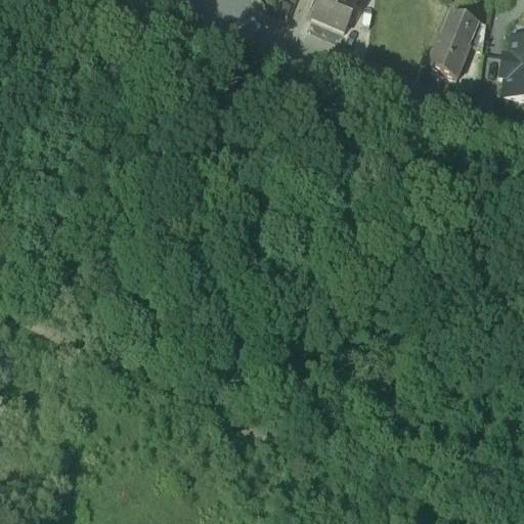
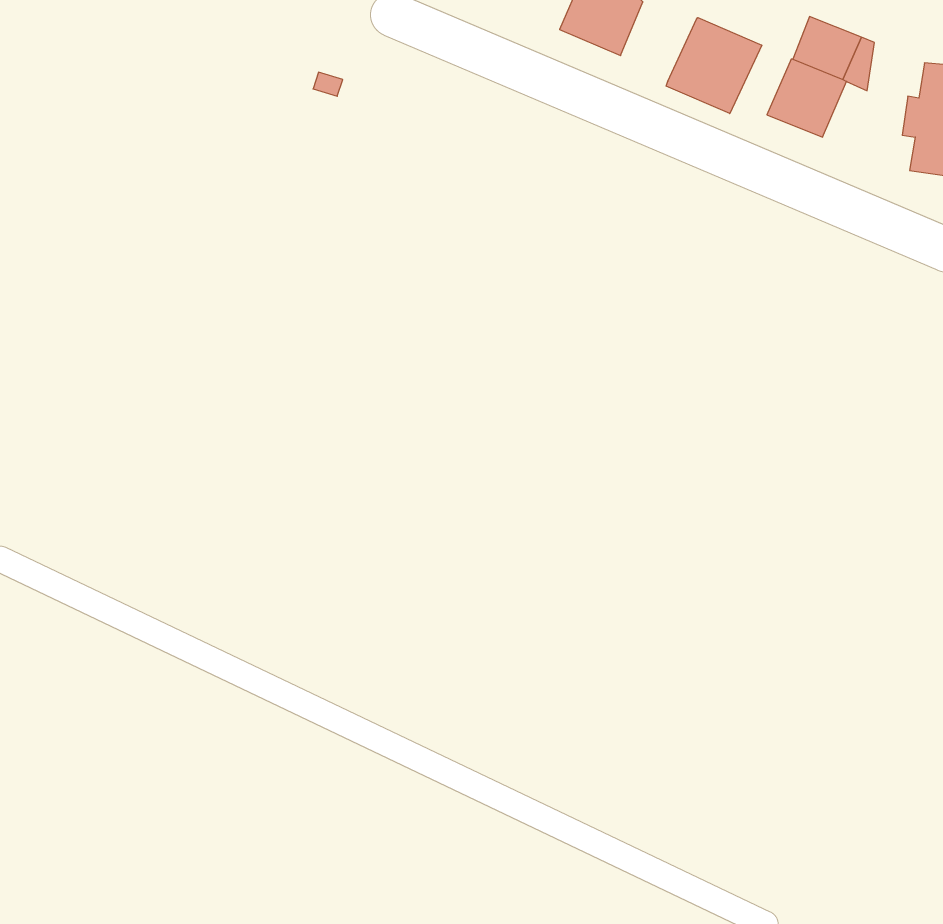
building: none -> [666,18,762,114]

